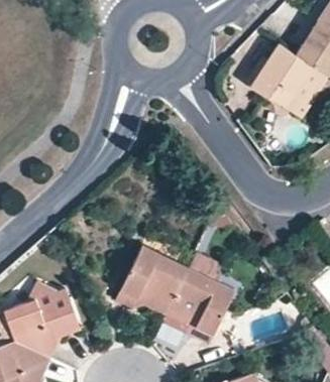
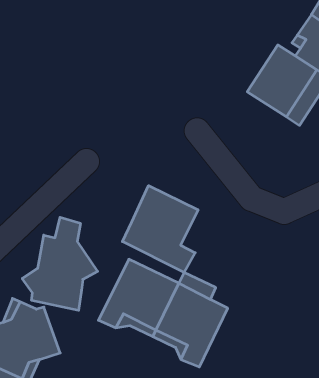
building: none -> [122,186,198,272]
building: none -> [22,217,98,310]

